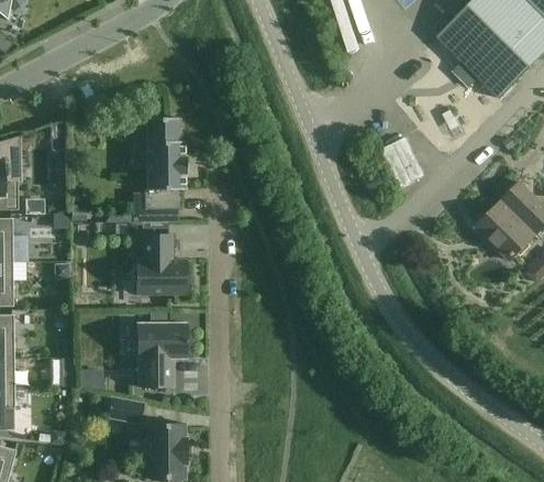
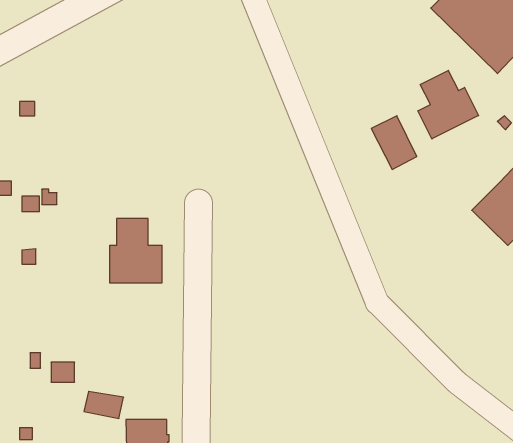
building: none -> [418,70,479,139]
building: [144,118,186,209] -> none
building: [136,324,186,387] -> none

